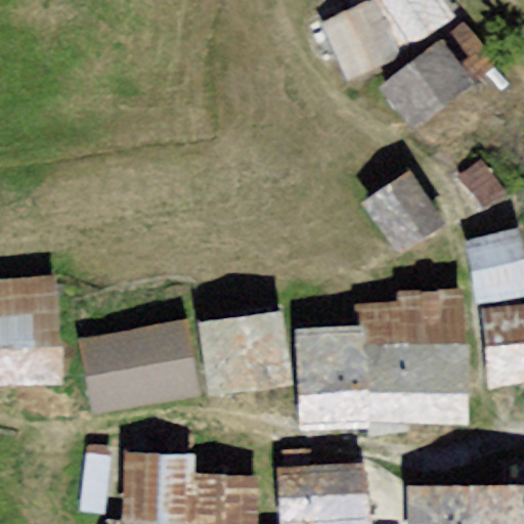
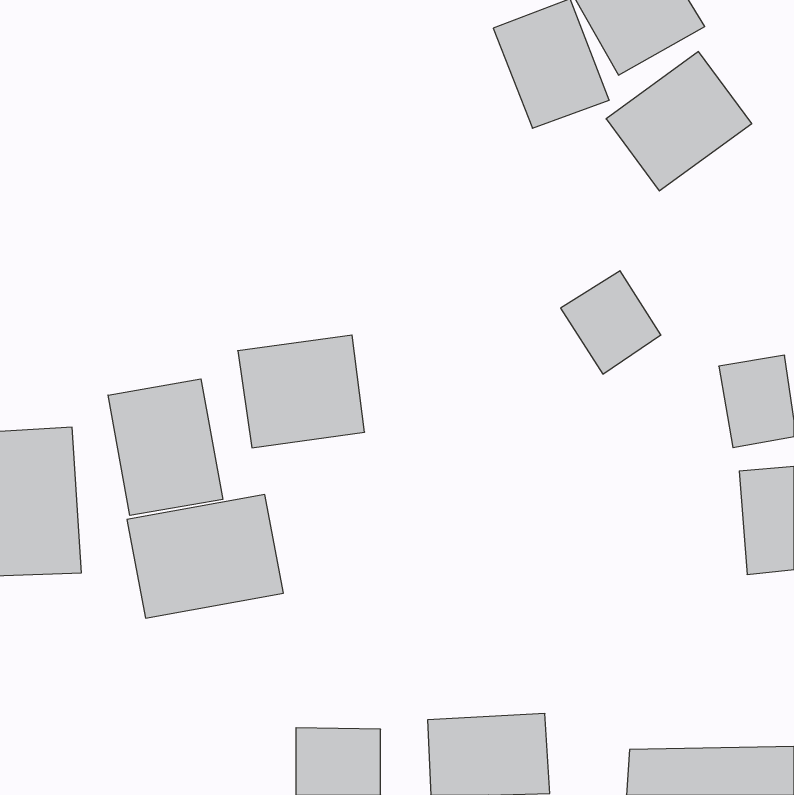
building: none -> [108,379,223,515]
building: [297,296,452,416] -> none
building: [201,313,283,387] -> [238,335,365,448]
building: [125,456,186,515] -> none

